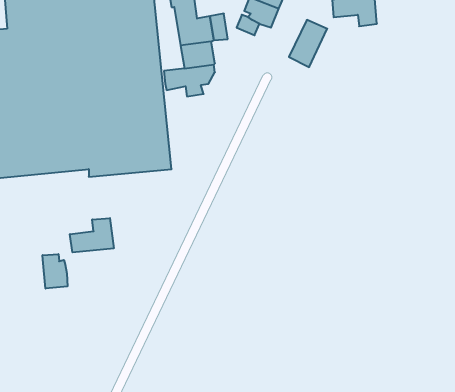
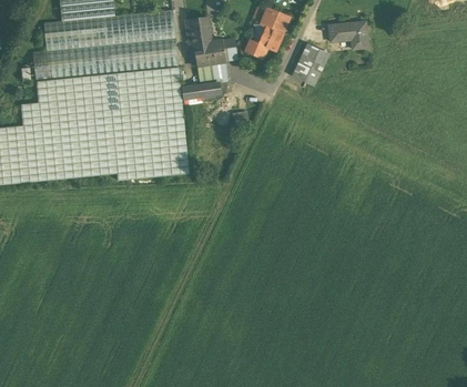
building: [70,218,114,252] -> none
building: [43,254,67,289] -> none

